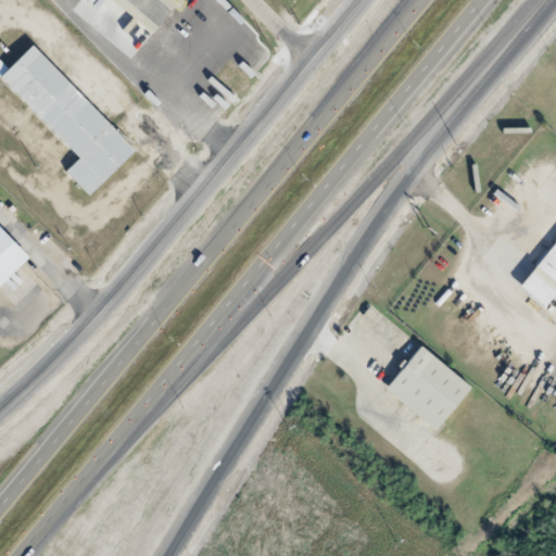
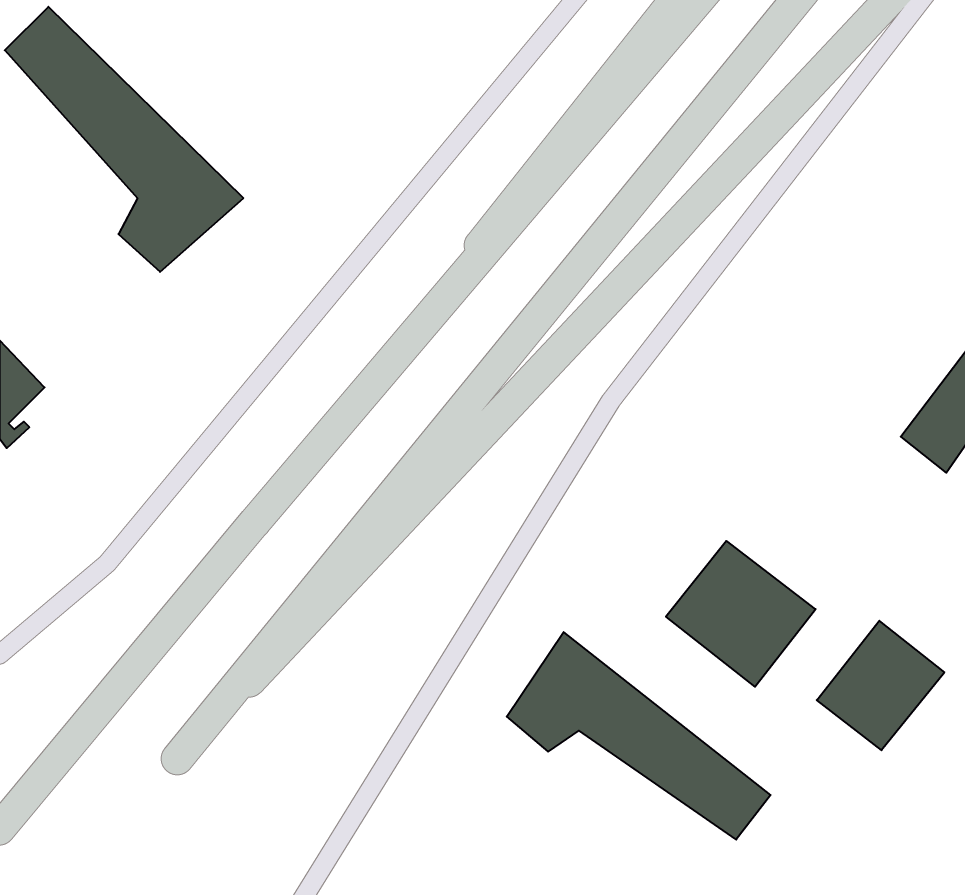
building: none -> [817,621,944,750]
building: none -> [507,632,771,840]

